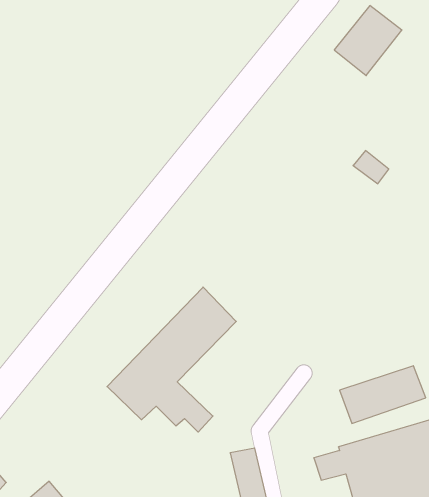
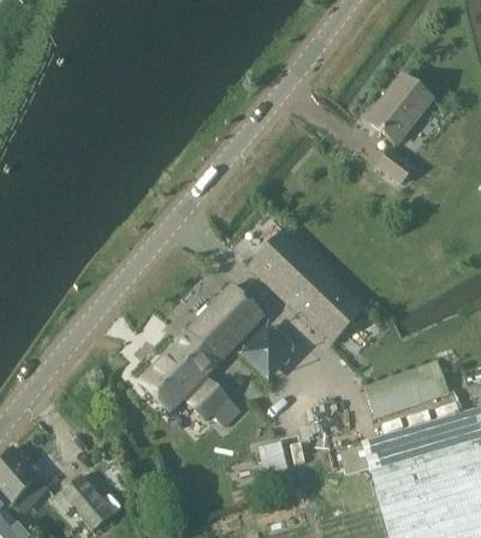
building: [334,6,402,76] -> [368,76,434,144]
building: none -> [245,235,362,348]
building: none -> [240,324,298,382]

